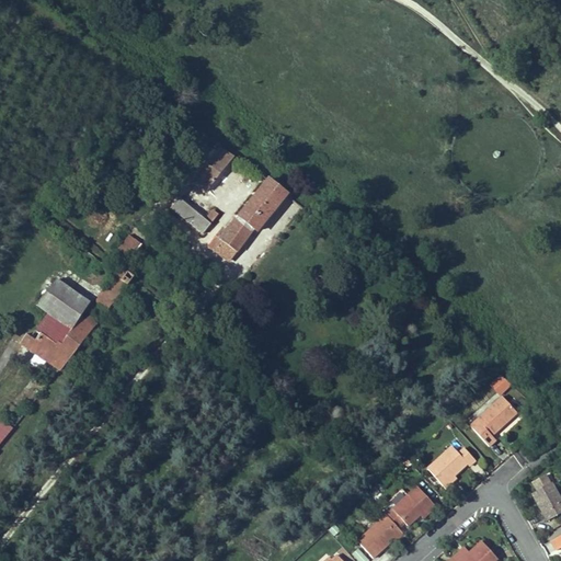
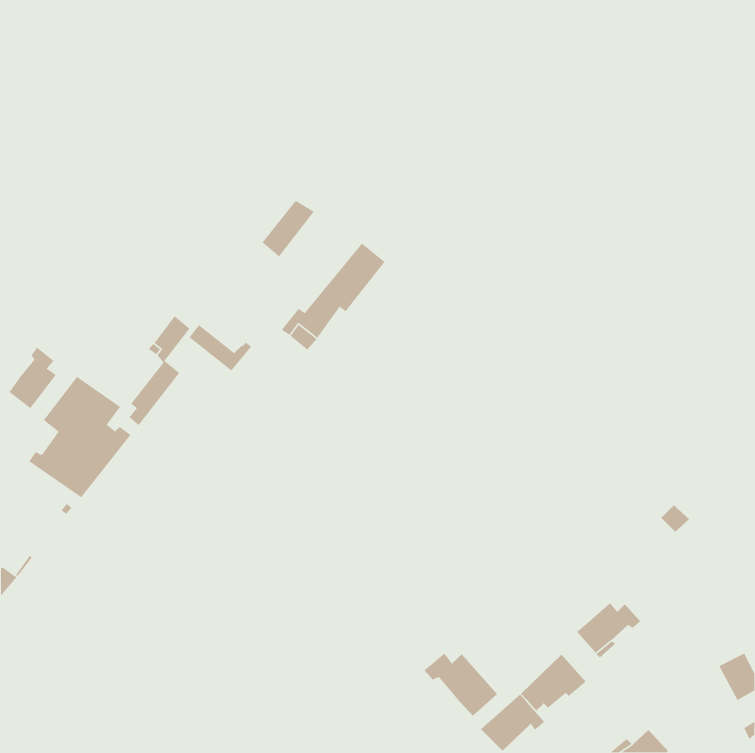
building: [171,197,218,232] -> [188,324,252,372]
building: none -> [8,347,57,409]
building: [470,397,516,445] -> none
building: none -> [423,652,498,716]

